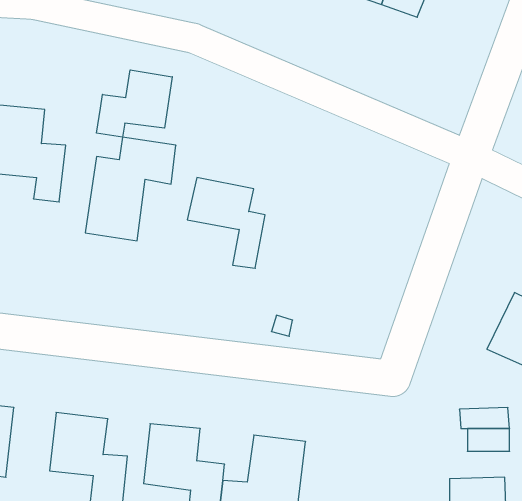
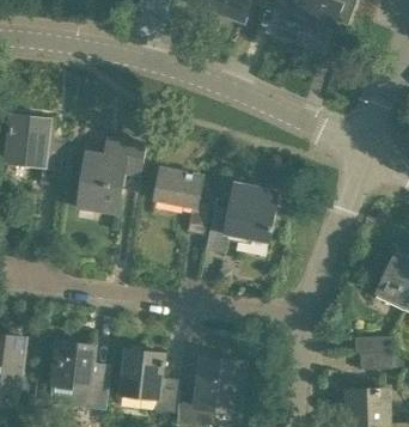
building: [97,70,172,137] -> none
building: none -> [204,182,279,254]

